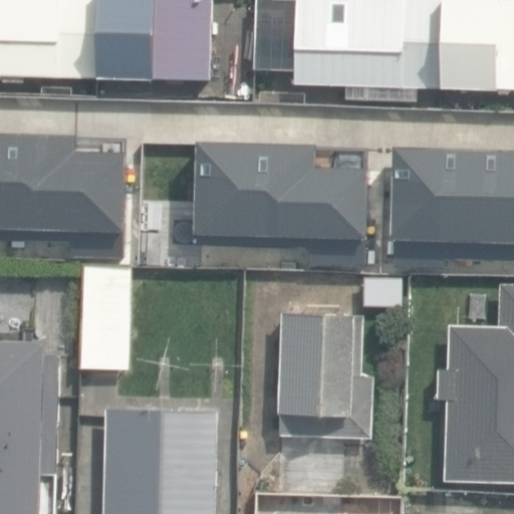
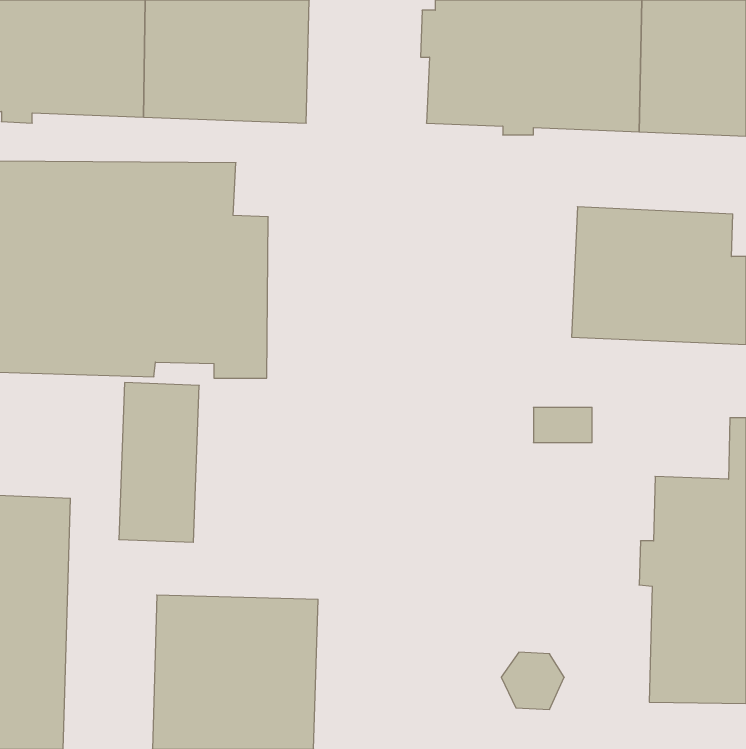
building: [197,134,364,229] -> none
building: [278,313,372,439] -> none

